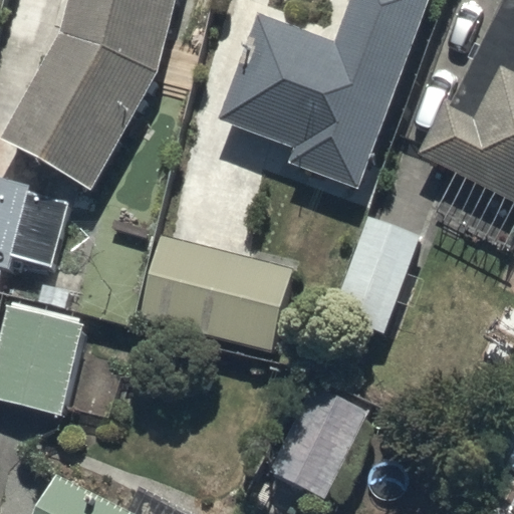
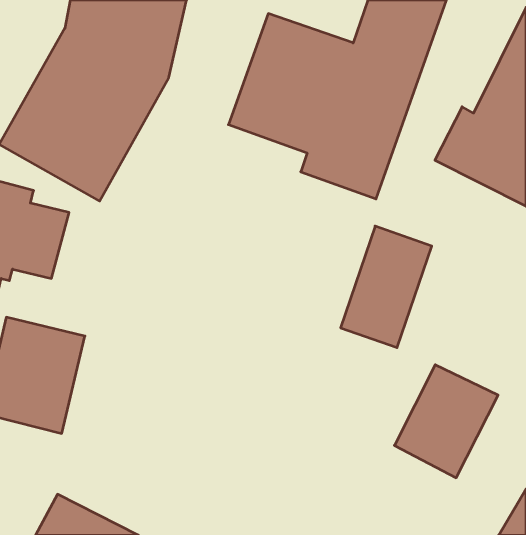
building: [139,232,292,353] -> none
building: [275,383,374,492] -> [394,365,498,478]

